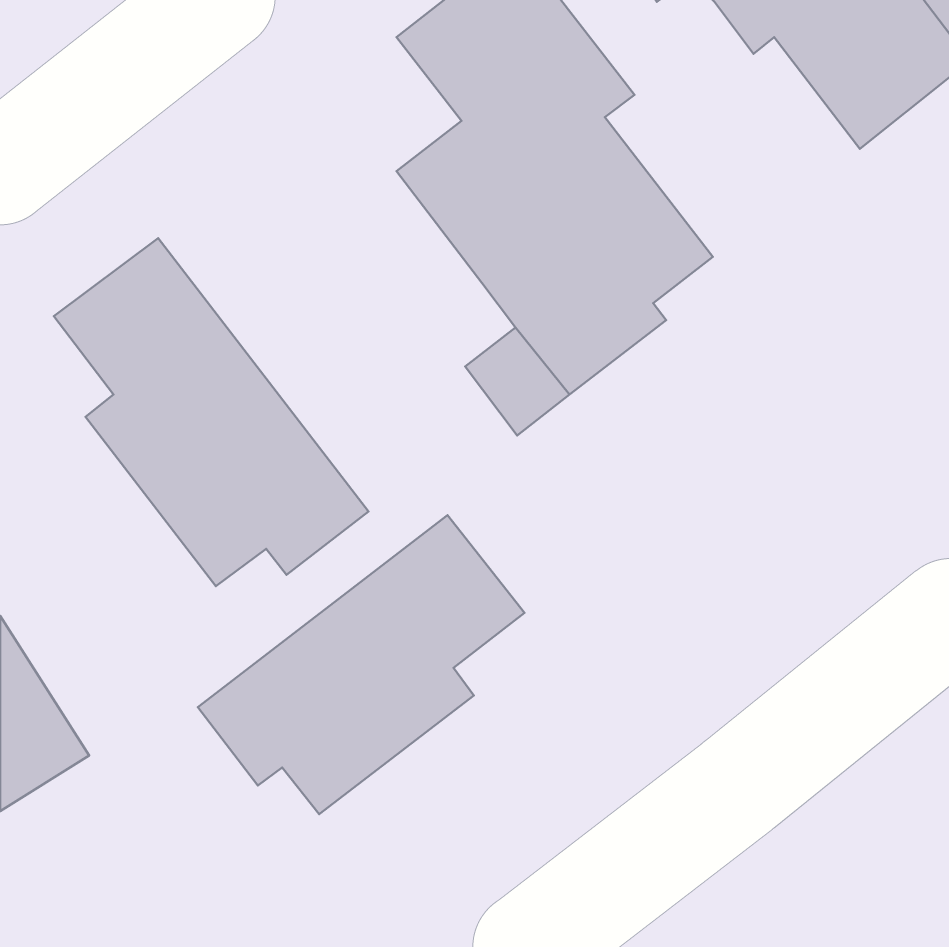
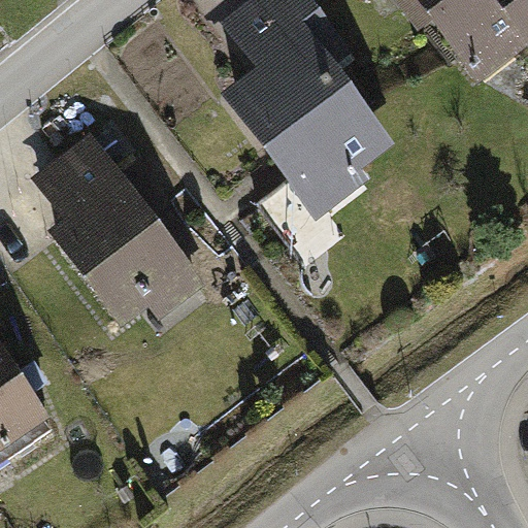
building: [198,515,525,814] -> none

